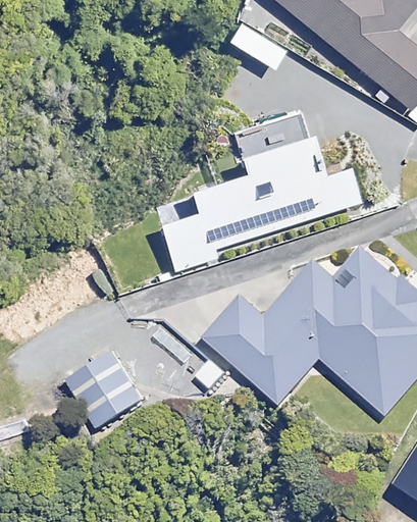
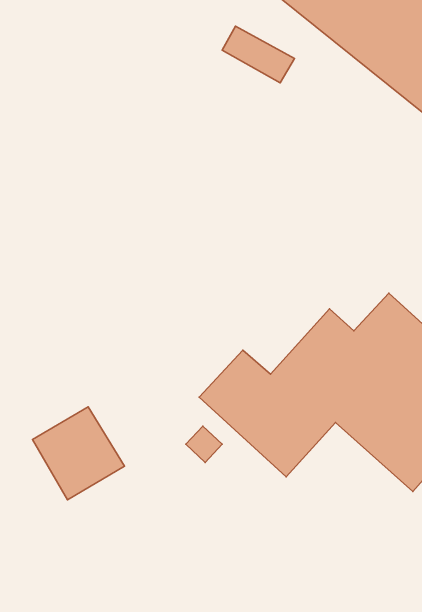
building: [159,112,356,270] -> none

